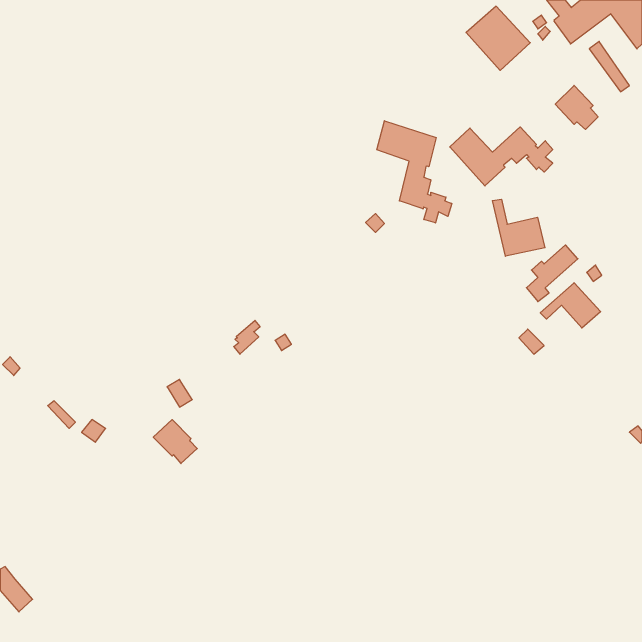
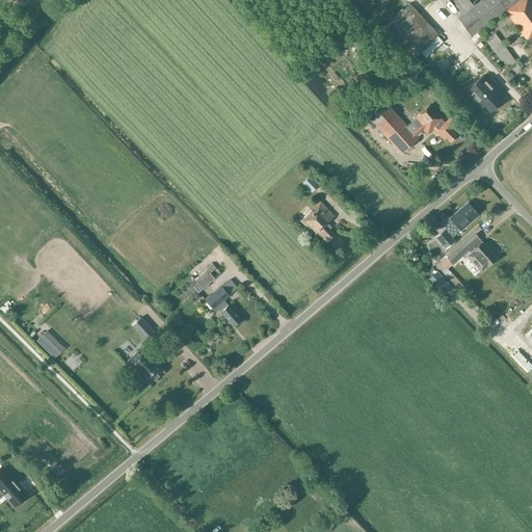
building: [377,121,452,223] -> none
building: [492,199,545,256] -> none
building: none -> [301,200,335,242]
building: none -> [206,287,241,326]

